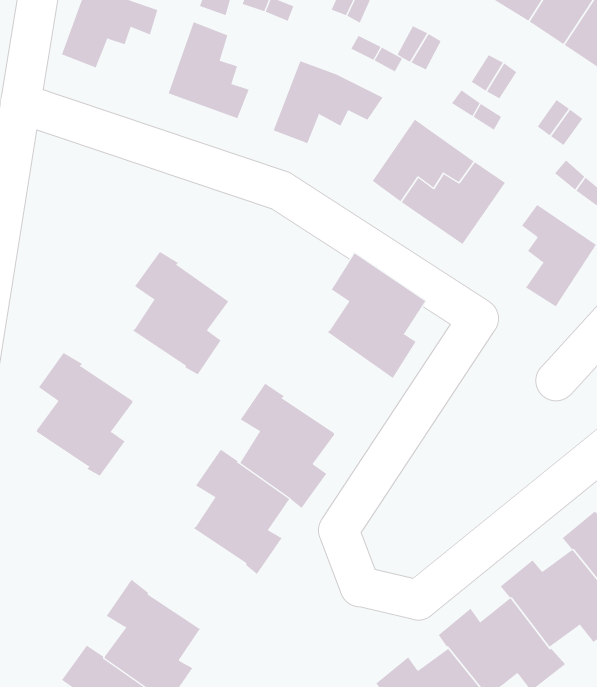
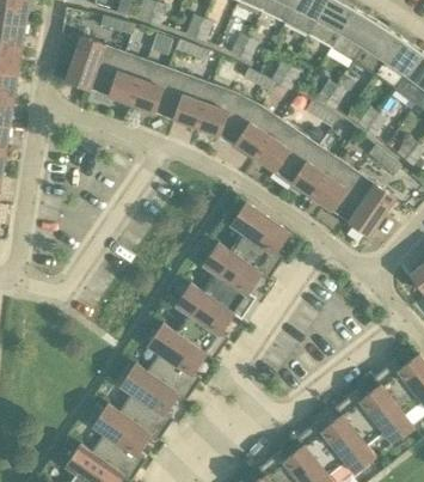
building: none -> [86,53,146,104]
building: none -> [162,68,211,127]
building: none -> [216,106,282,158]
building: none -> [312,159,361,224]
building: [132,251,229,375] -> [201,243,260,319]
building: [36,352,133,477] -> [118,364,178,440]

